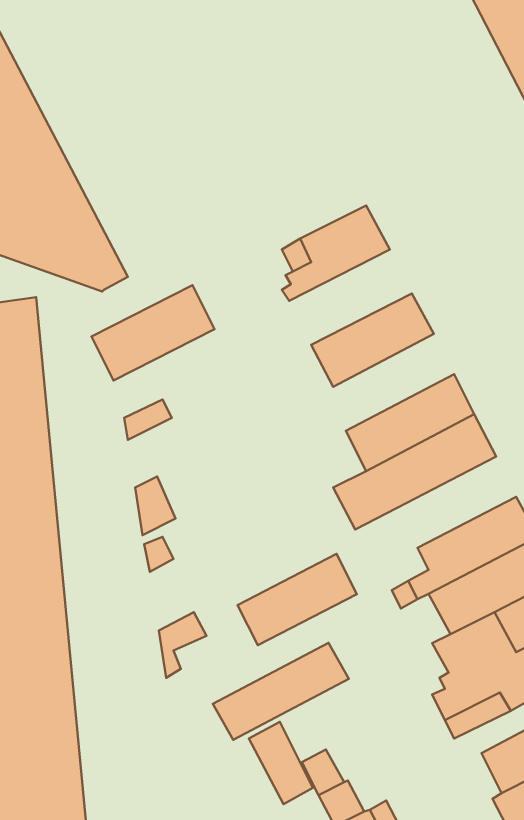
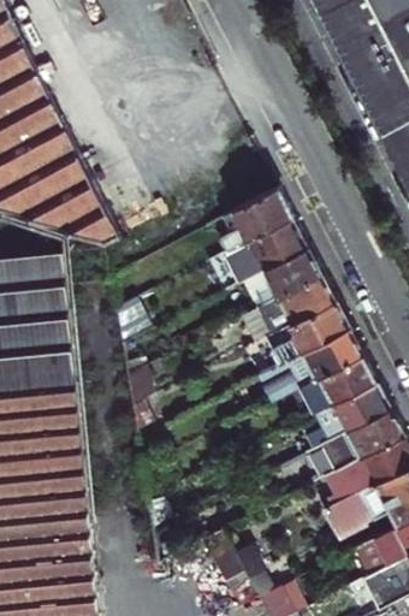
building: [92,285,214,380] -> [227,219,308,282]
building: none -> [241,274,336,343]
building: [238,554,357,645] -> [298,355,377,415]
building: [213,643,349,740] -> none

